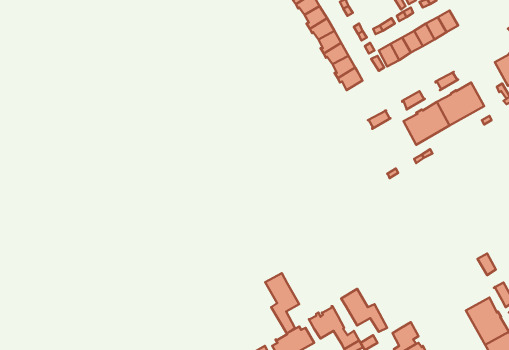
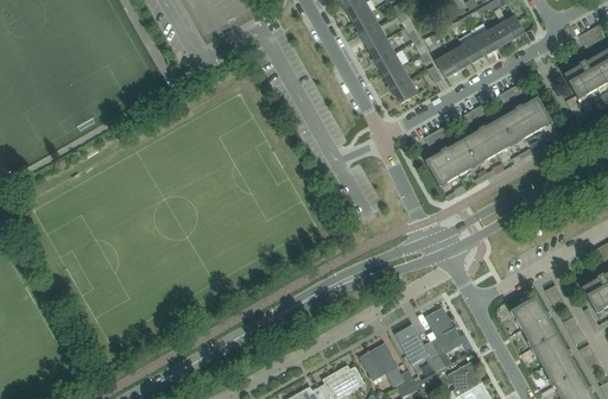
building: none -> [425,139,477,186]
building: none -> [511,296,558,348]
building: [265,273,299,333] -> none
building: none -> [425,308,460,367]

